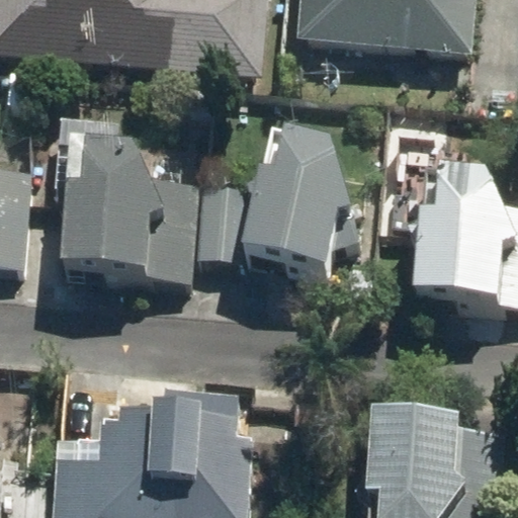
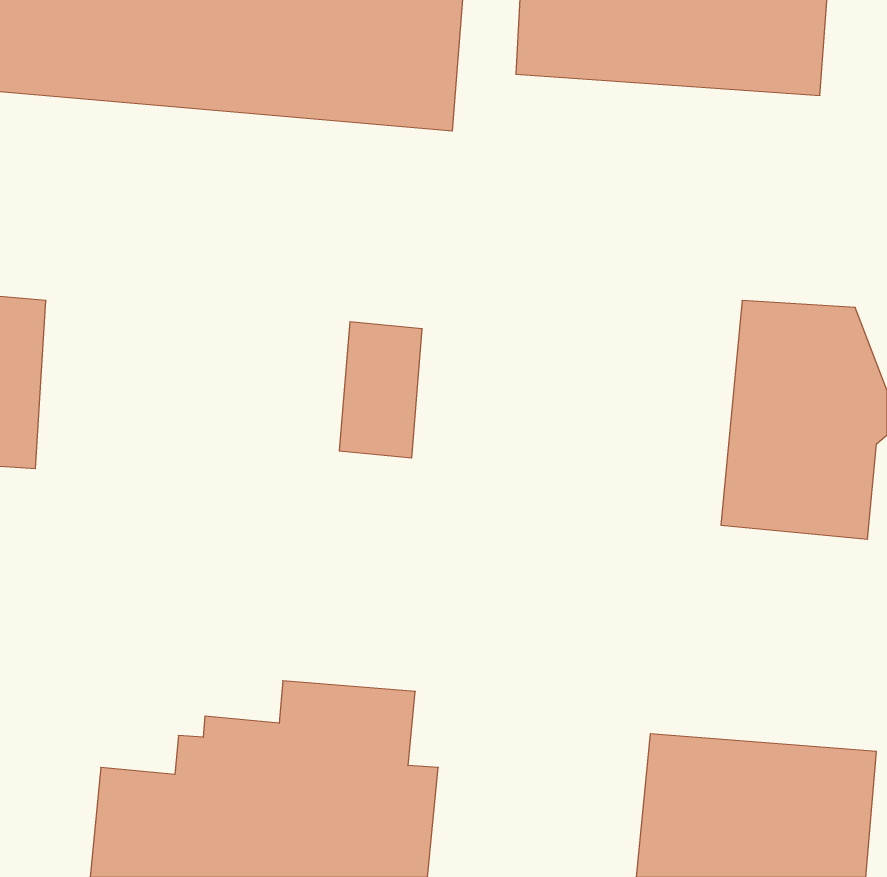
building: [242,136,360,272] -> none
building: [60,144,195,283] -> none

